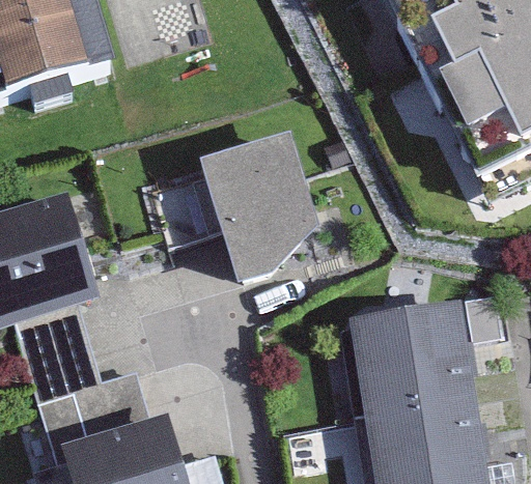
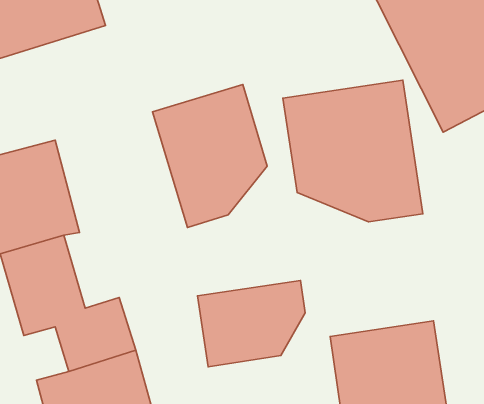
building: none -> [283,80,423,222]
building: [351,296,475,405] -> none
building: none -> [197,281,305,367]

